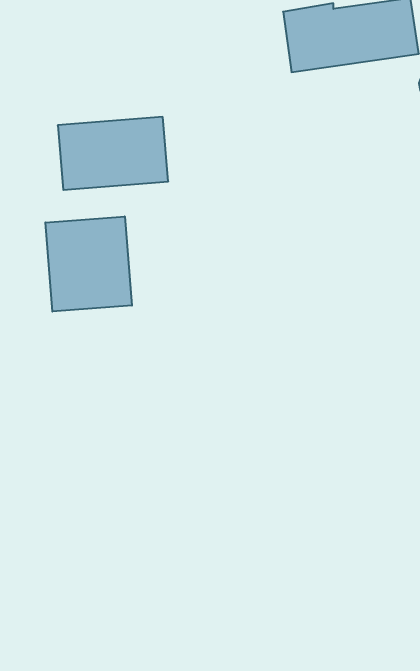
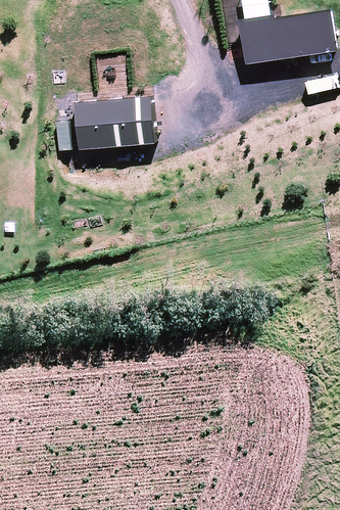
building: [45,216,132,312] -> none

